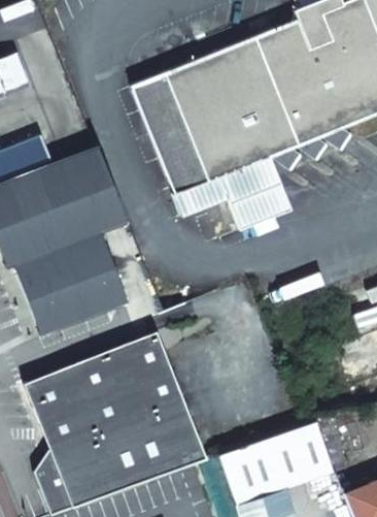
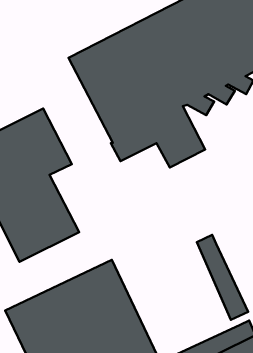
building: none -> [197,235,248,320]

